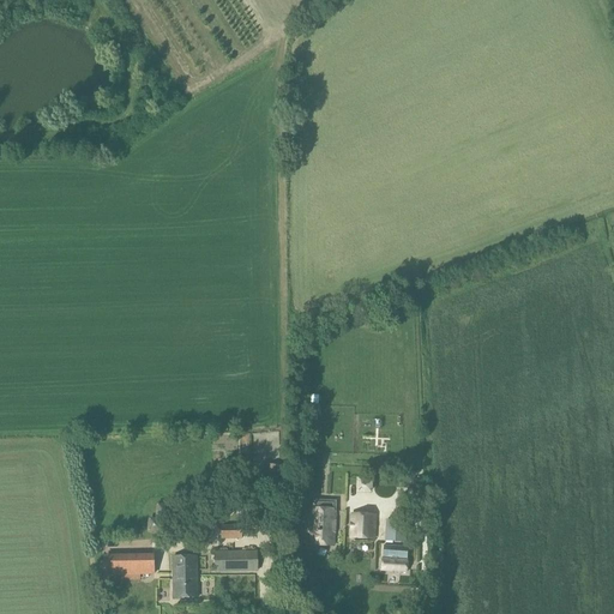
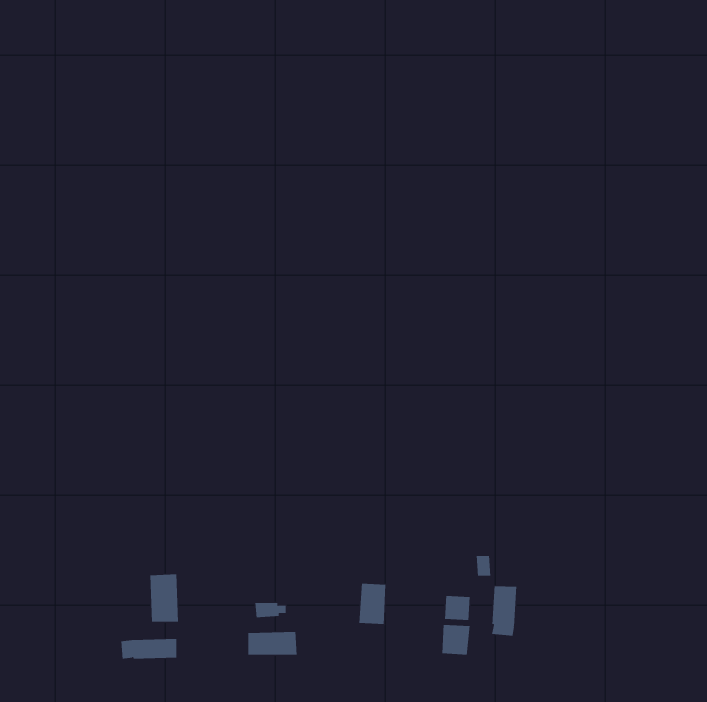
building: none -> [492,585,517,636]
building: [350,510,375,536] -> none
building: [173,553,198,595] -> [150,574,179,622]

